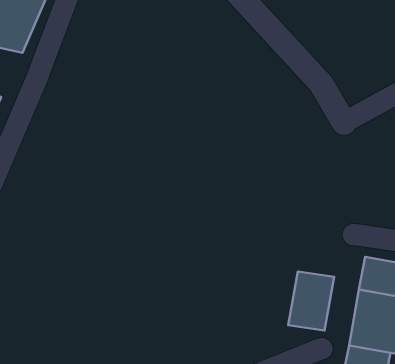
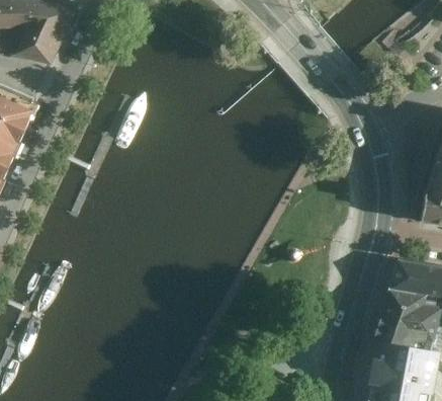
building: [288,272,334,330] -> none

